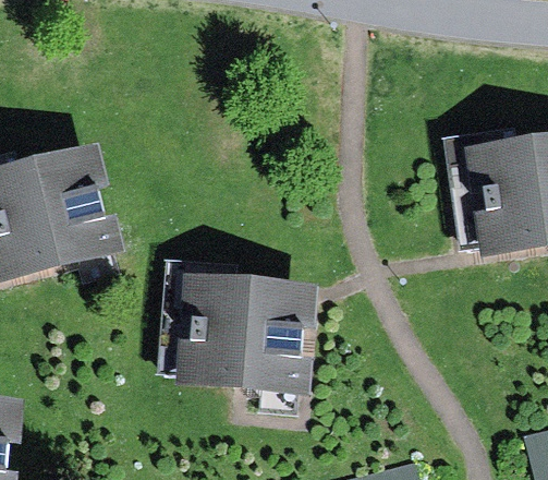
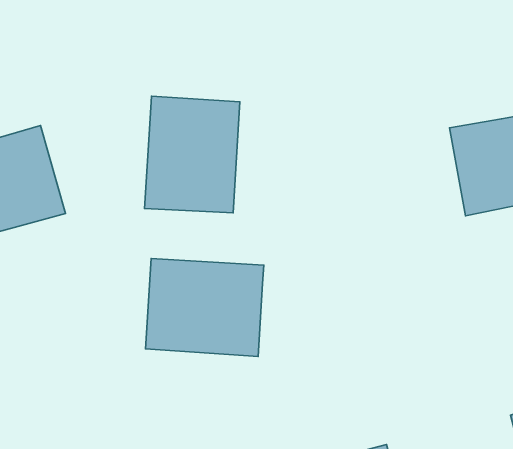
building: none -> [145,96,240,213]

